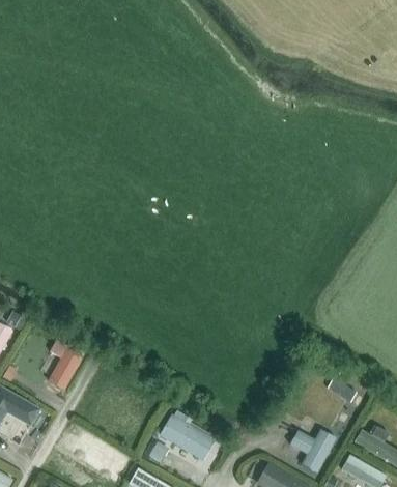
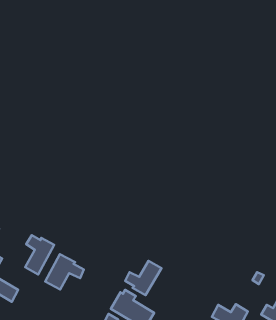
building: none -> [45,254,84,290]
building: none -> [125,261,161,295]

